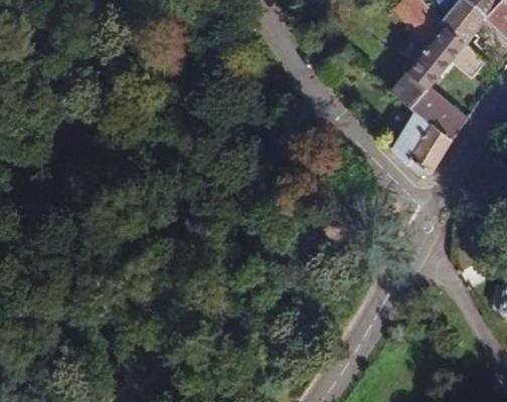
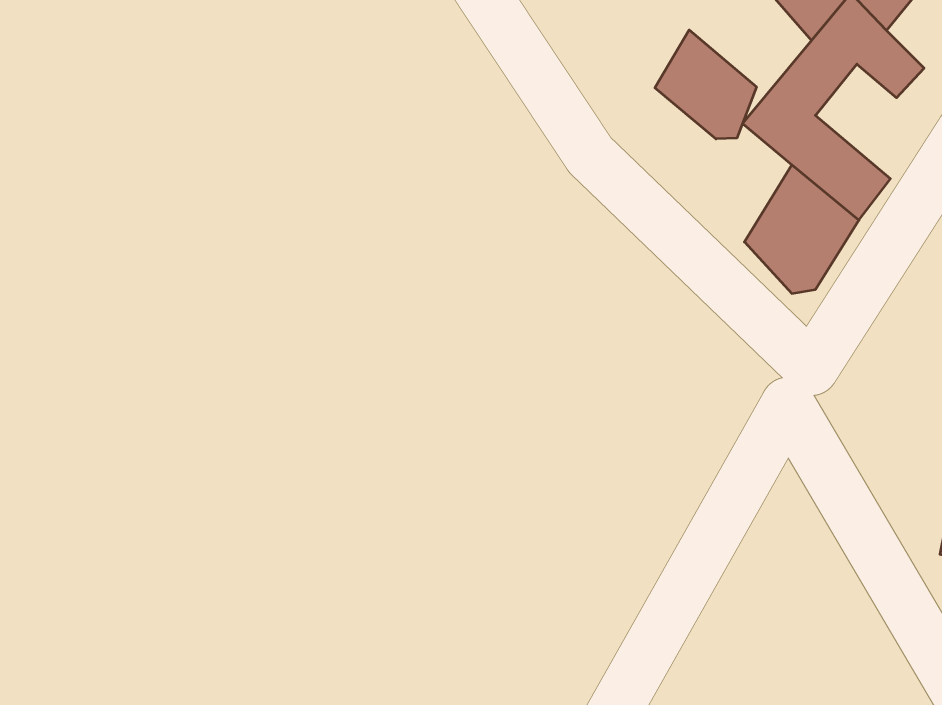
building: none -> [655,30,756,139]

